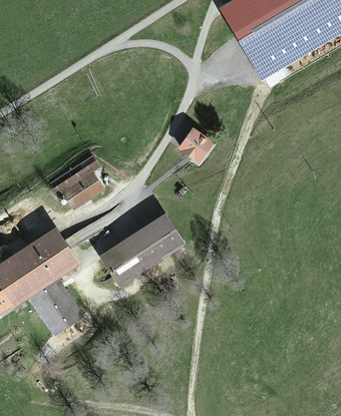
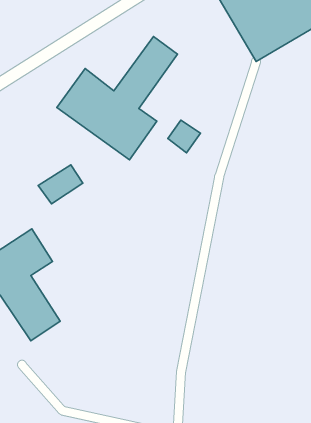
building: none -> [57,36,178,160]
building: [101,215,180,281] -> none

